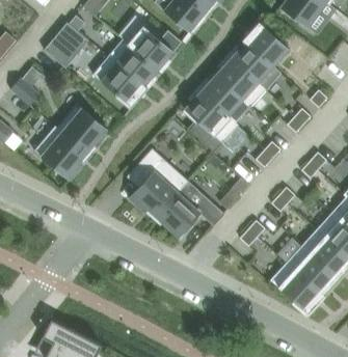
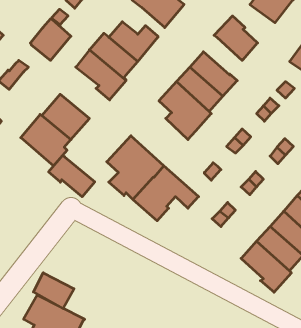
building: [230,43,280,89] -> none
building: none -> [49,155,95,197]
building: none -> [33,273,74,309]

